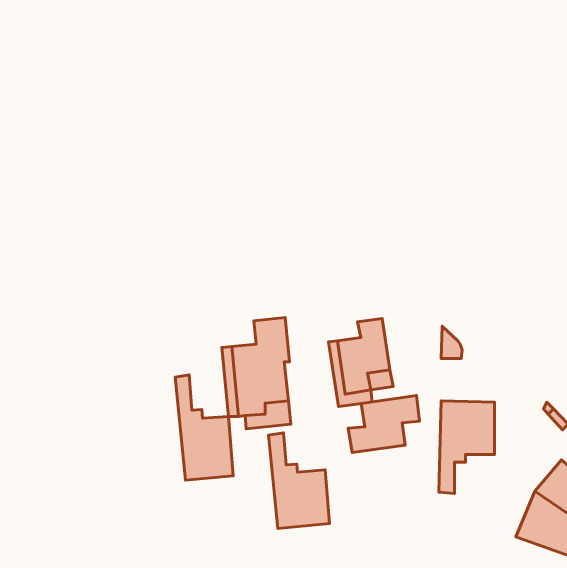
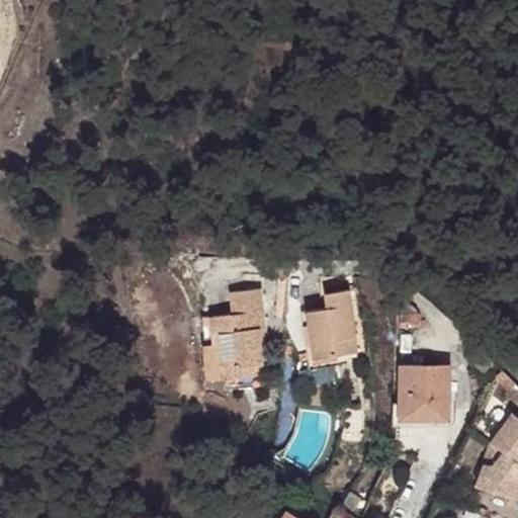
building: [175,375,233,480] -> none
building: [348,396,420,452] -> none
building: [269,433,329,529] -> none

